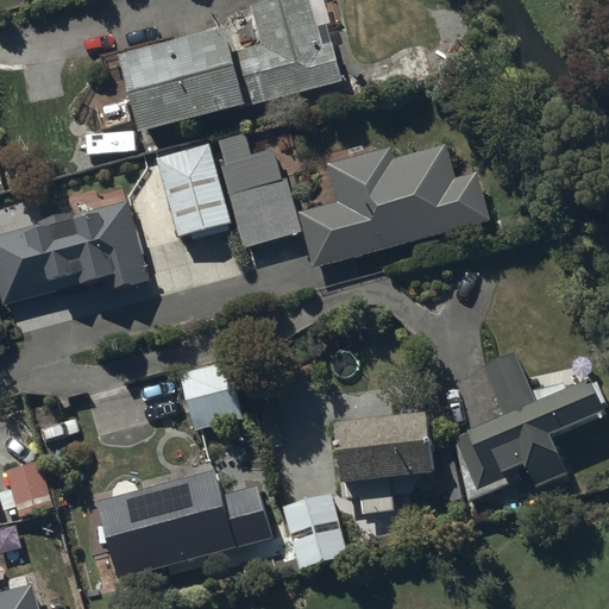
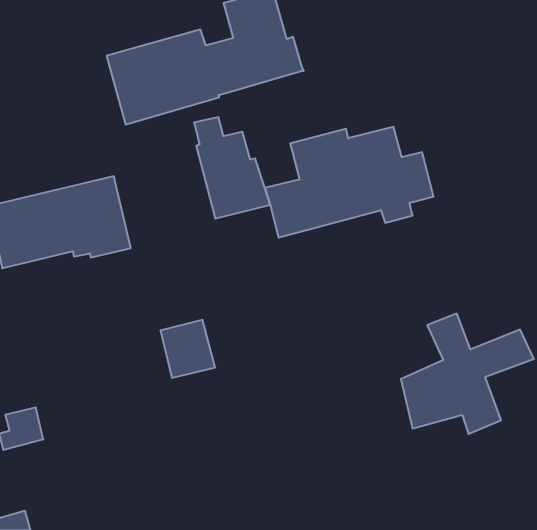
building: [157,145,231,237] -> none
building: [333,419,431,514] -> none
building: [95,467,269,577] -> none
building: [282,492,345,569] -> none

